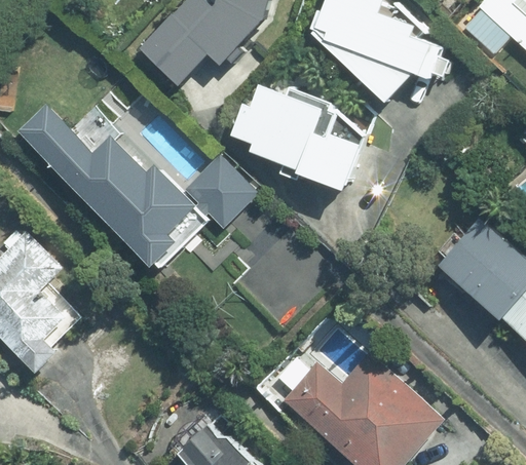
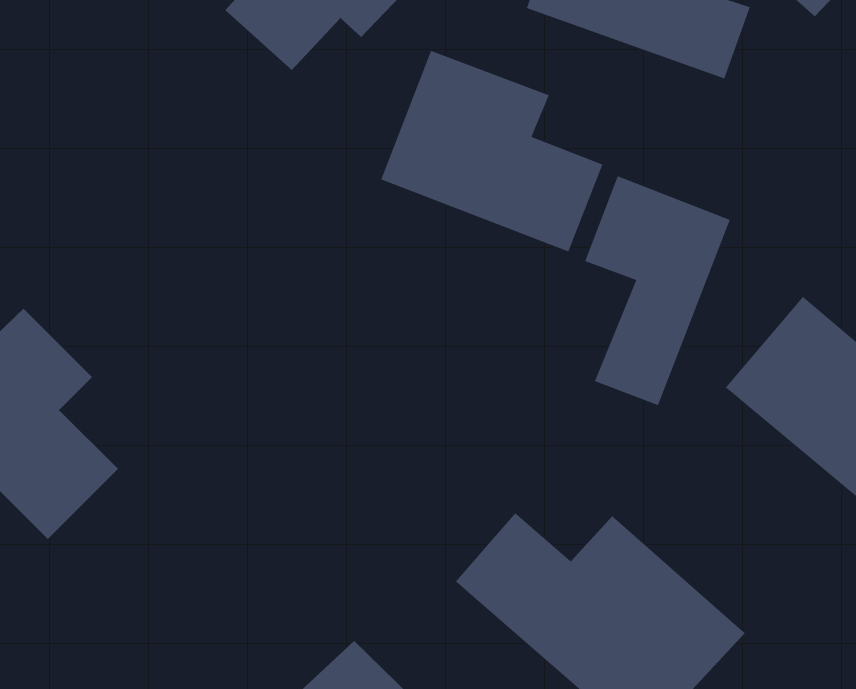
building: [17,101,243,271] -> none
building: none -> [584,175,731,406]

